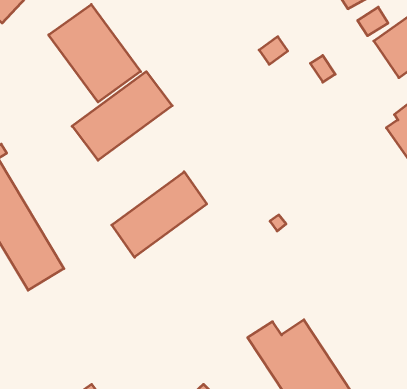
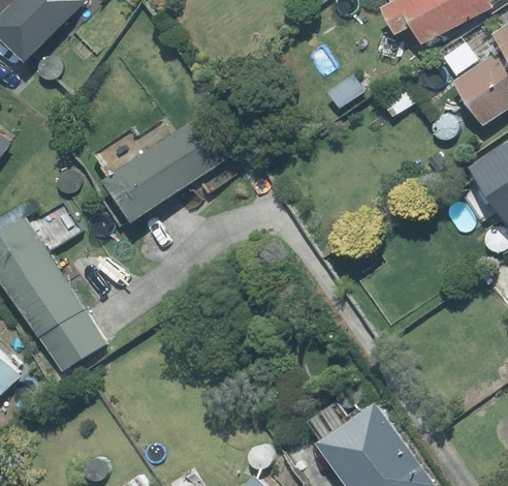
building: [49,4,141,102] -> none
building: [112,172,207,257] -> none

